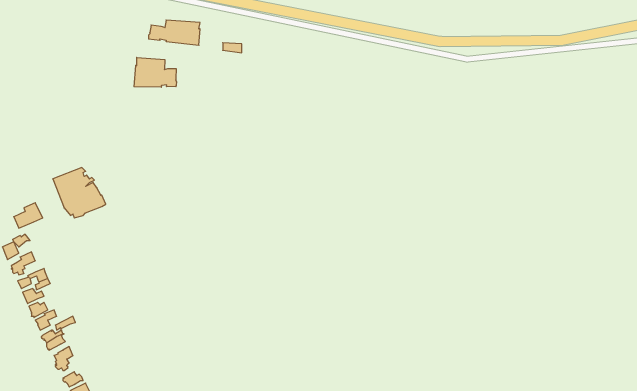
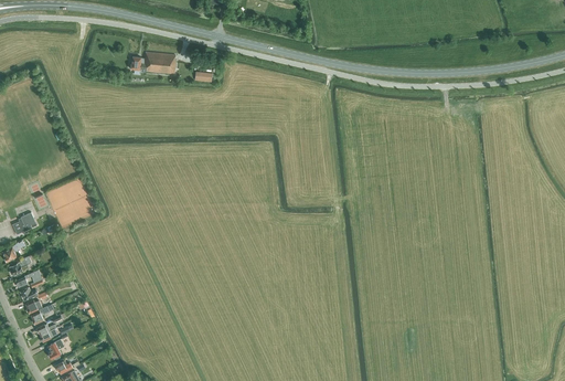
building: [134,57,176,87] -> none

